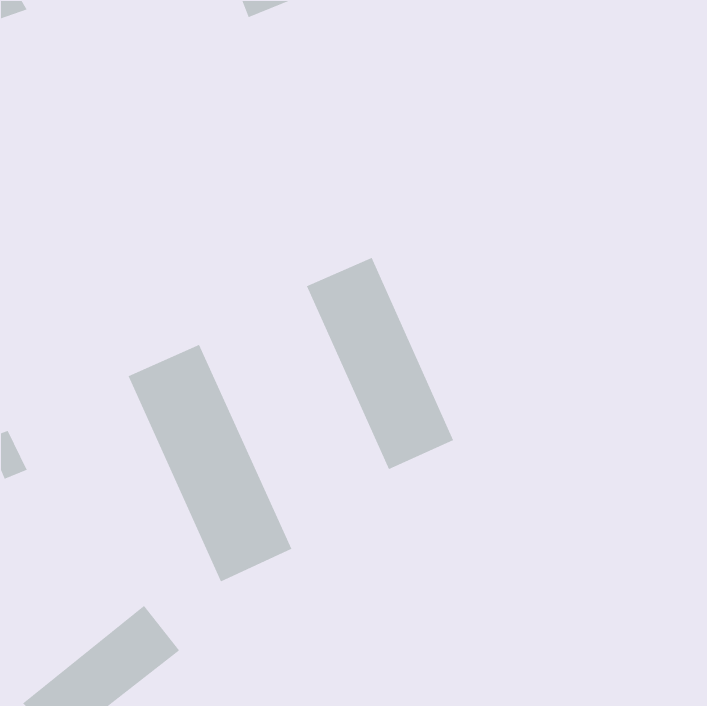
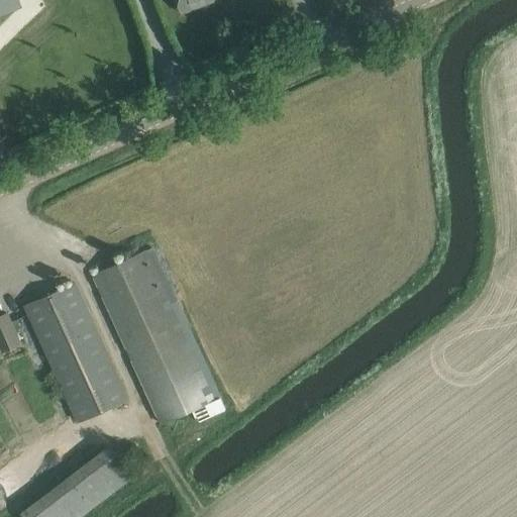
building: [306,257,454,470] -> none
building: none -> [25,284,128,423]

